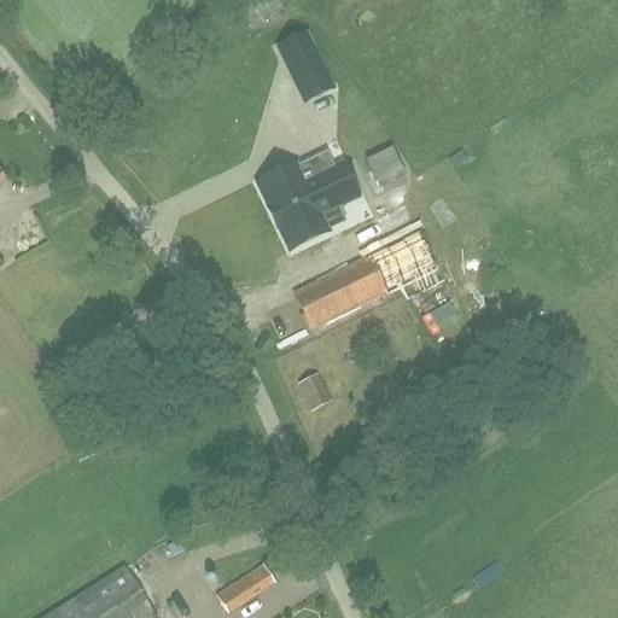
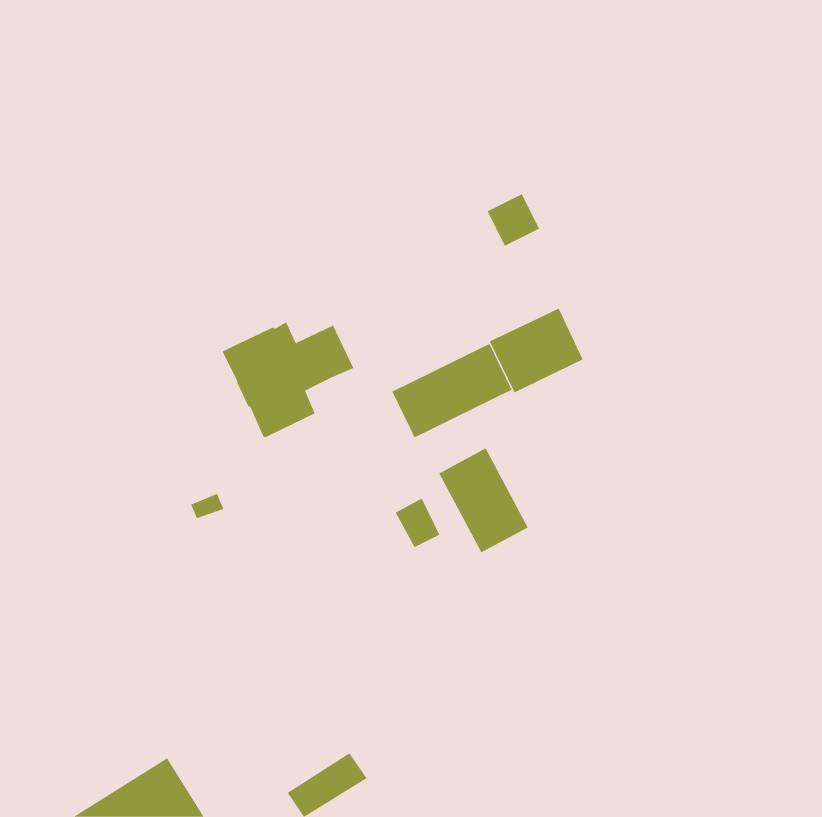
building: [278,31,332,101] -> none
building: [257,161,356,247] -> [222,322,354,438]
building: none -> [439,448,528,553]

